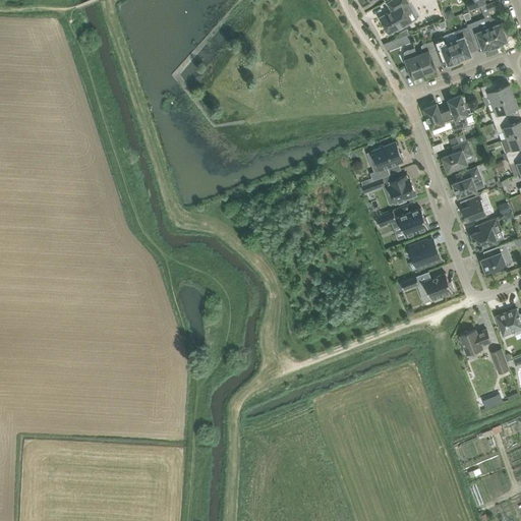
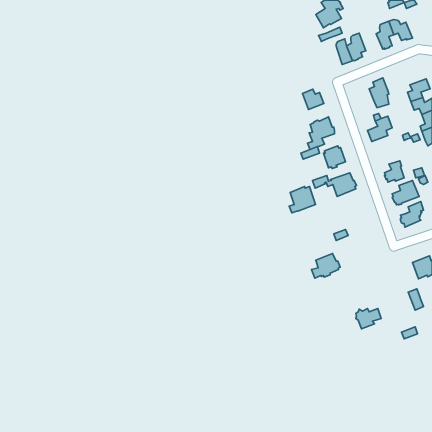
building: [485,18,511,47] -> none
building: [431,37,460,65] -> none
building: [479,81,512,103] -> none
building: [423,104,449,128] -> [303,89,324,109]
building: [452,167,481,196] -> none
building: [408,239,440,271] -> [289,187,315,213]
building: [419,273,454,302] -> [311,254,340,278]
building: [460,330,490,354] -> [356,308,381,329]

